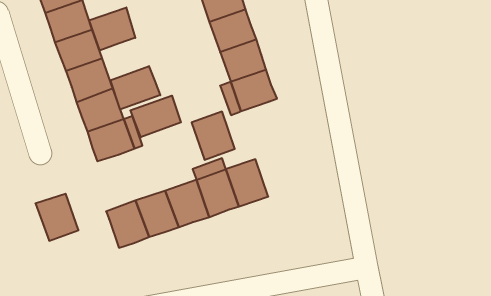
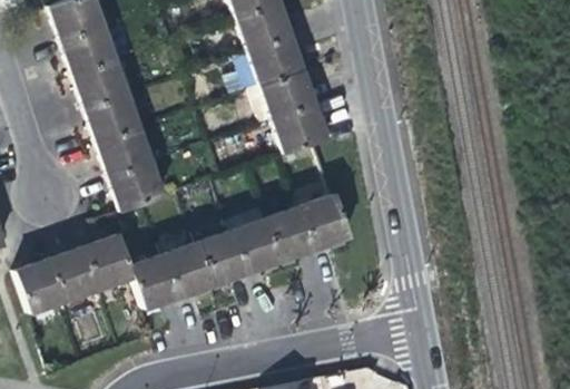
building: [89,7,135,51] -> none
building: [110,66,160,109] -> none
building: [130,96,181,137] -> none
building: [192,112,235,160] -> [302,195,351,250]
building: none -> [87,234,136,288]
building: none -> [18,257,68,312]

